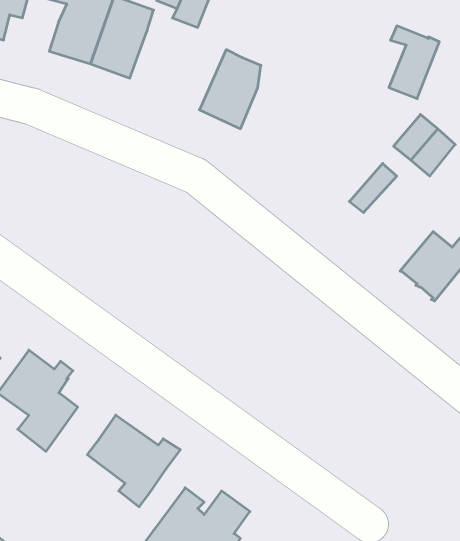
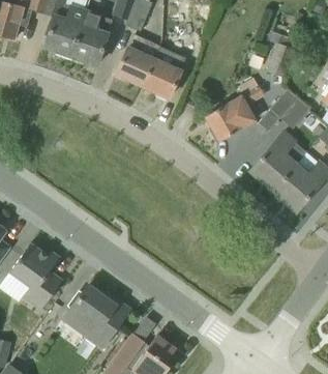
building: none -> [115,33,159,85]
building: none -> [205,85,264,141]
building: none -> [249,132,295,191]

